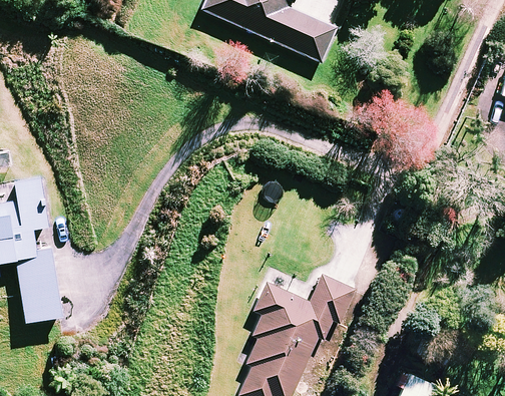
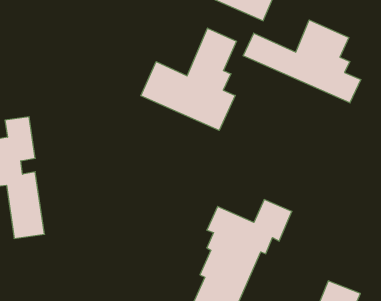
building: none -> [243,20,361,103]
building: none -> [141,28,237,130]

